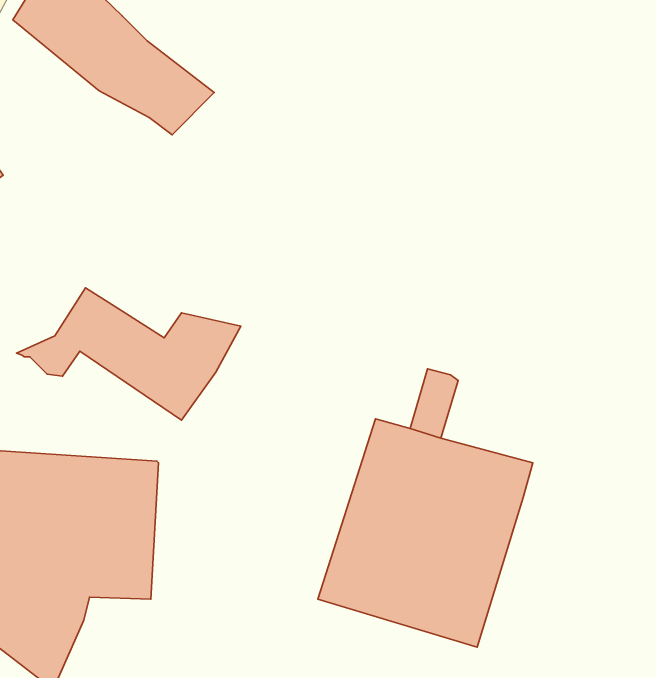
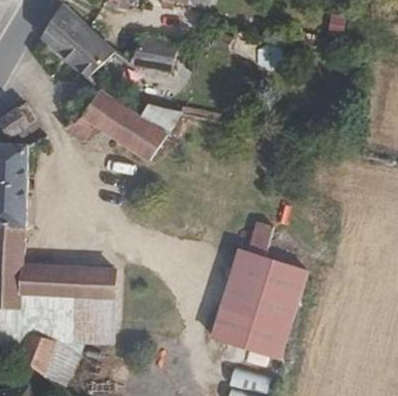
building: none -> [134,34,177,66]
building: [16,288,241,420] -> [61,91,179,161]

